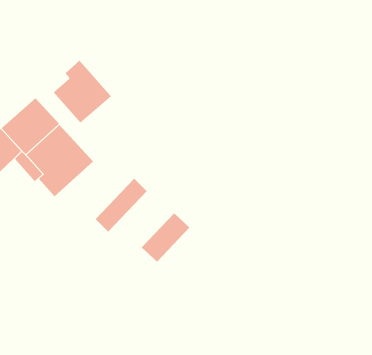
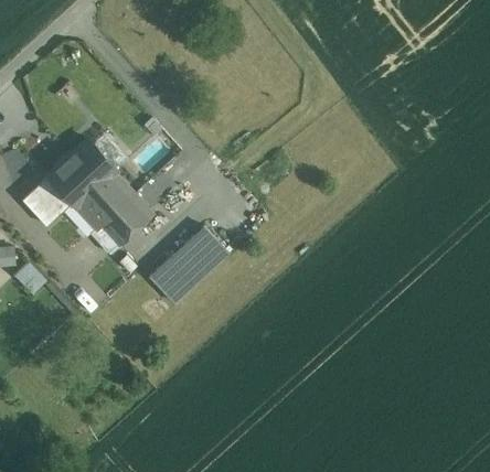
building: [53,60,112,124] -> none
building: [141,213,190,262] -> none

